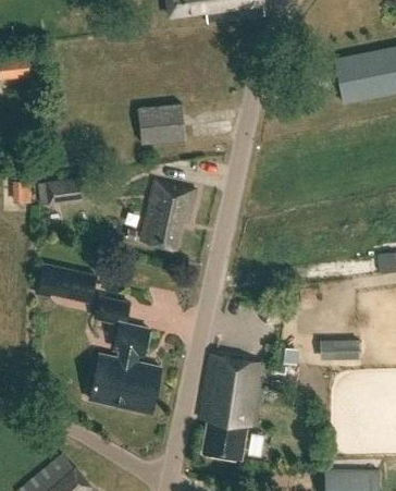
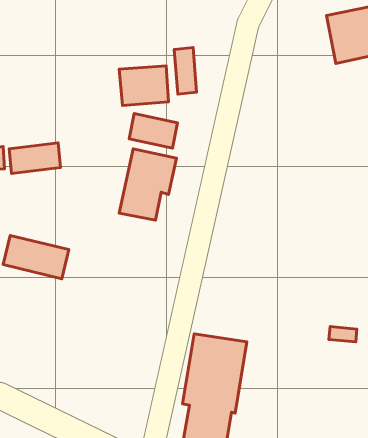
building: none -> [174,47,197,94]
building: none -> [129,113,178,148]
building: [90,298,160,409] -> none

